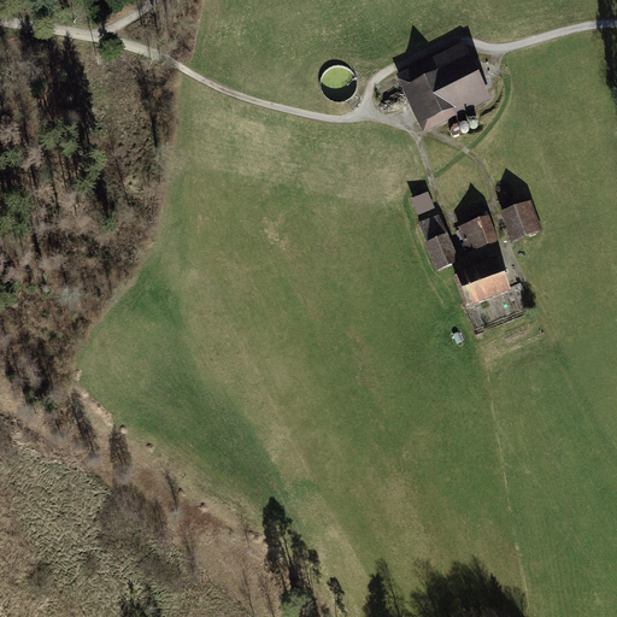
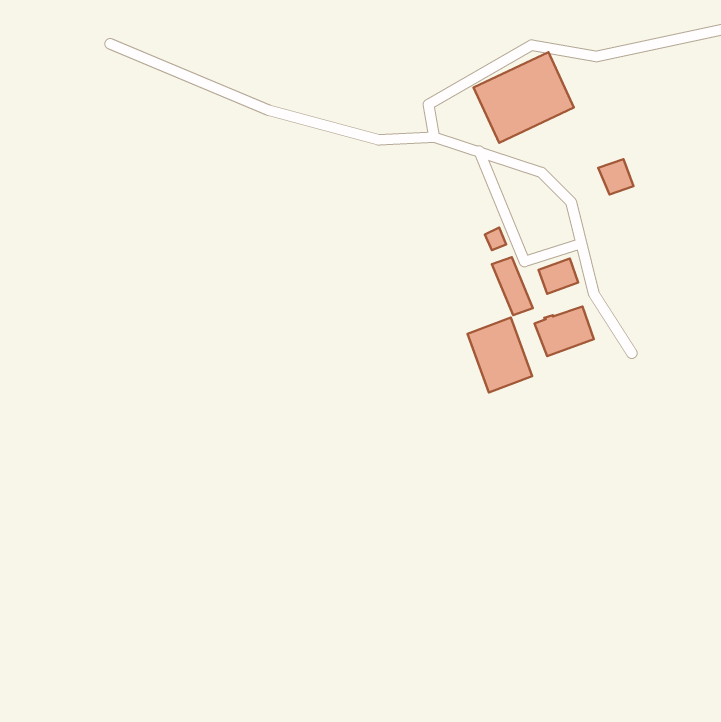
building: [504,207,534,237] -> [598,159,633,195]
building: none -> [467,318,532,392]

